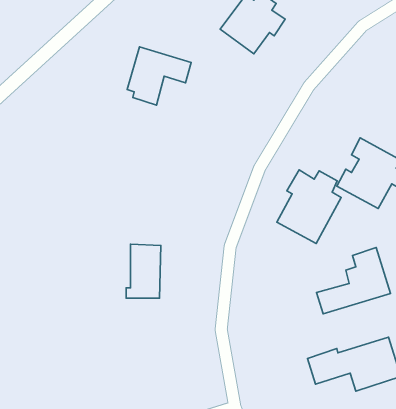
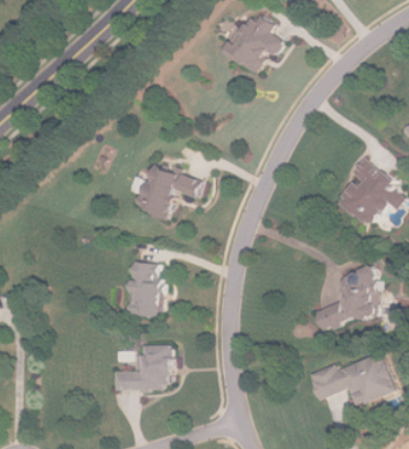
building: [127,47,191,105] -> [140,163,203,221]
building: [277,170,341,244] -> none
building: none -> [111,345,171,391]

